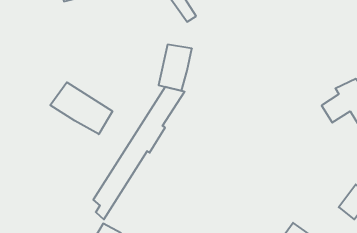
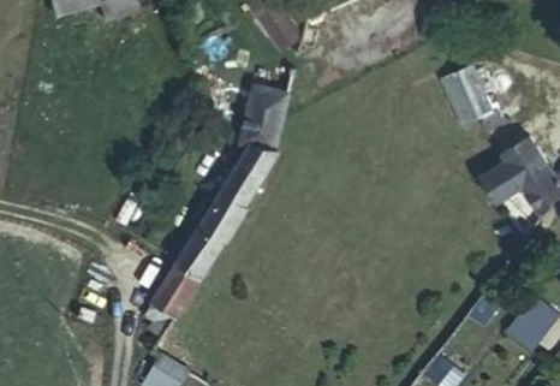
building: none -> [439,65,494,132]
building: [50,82,112,134] -> none

